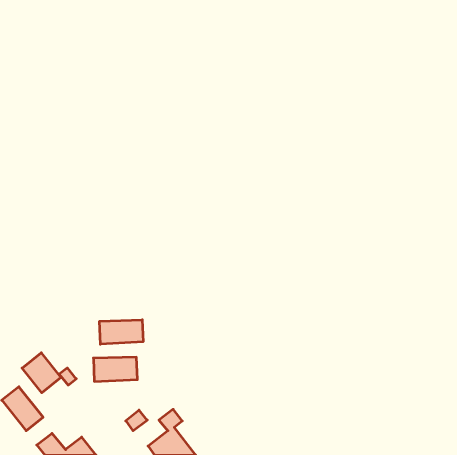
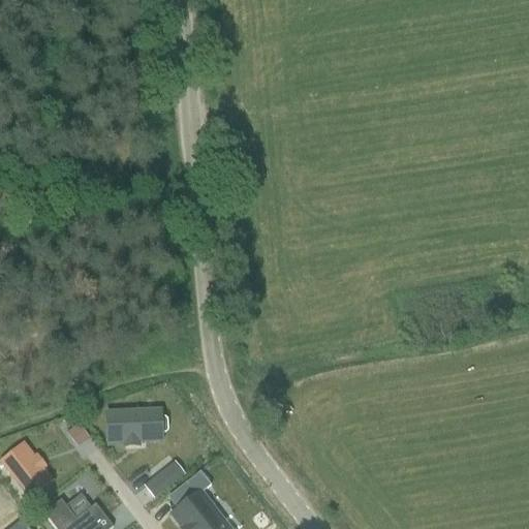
building: [100,320,143,344] -> none
building: [22,353,61,393] -> none

